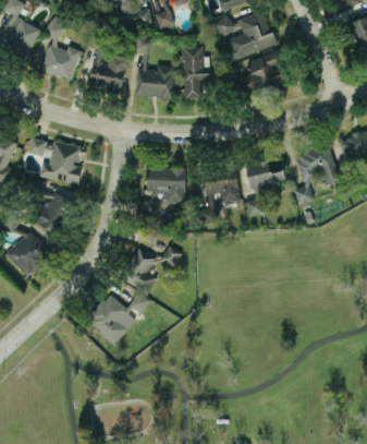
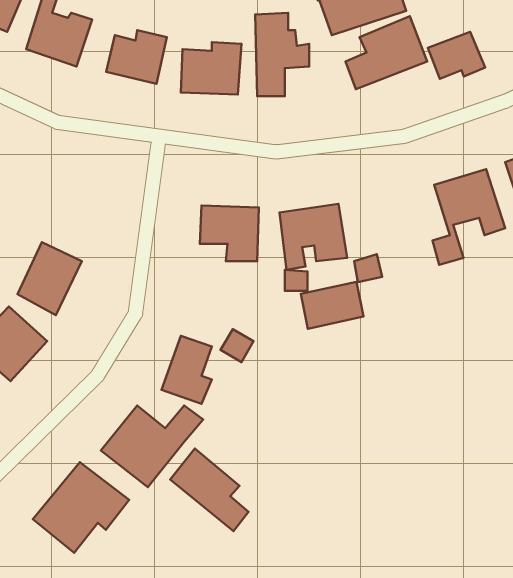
building: none -> [428,32,485,79]
building: [26,139,82,184] -> none
building: [245,159,284,189] -> [301,282,363,329]
building: none -> [170,448,249,531]
building: none -> [33,462,129,553]

